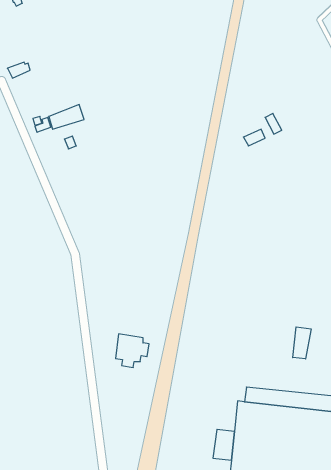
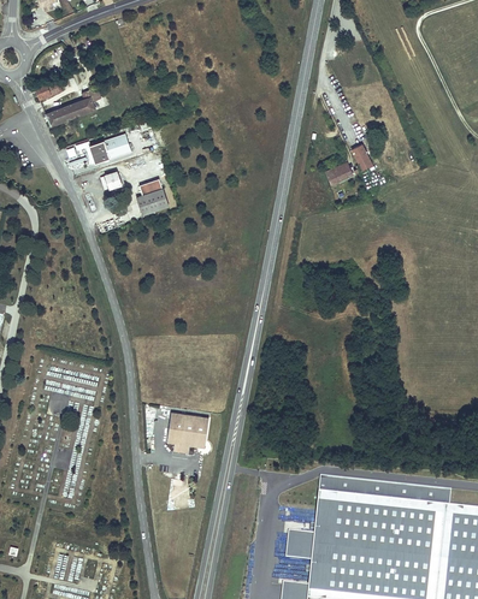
building: none -> [48,88,102,126]
building: none -> [135,176,169,213]
building: [293,327,311,359] -> none

